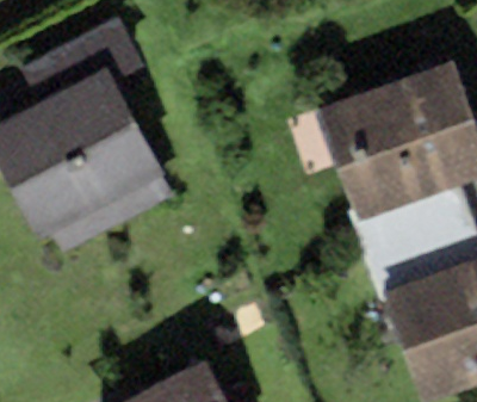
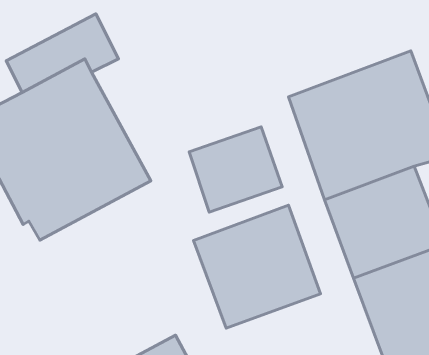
building: none -> [189,127,282,212]
building: none -> [194,205,320,328]

